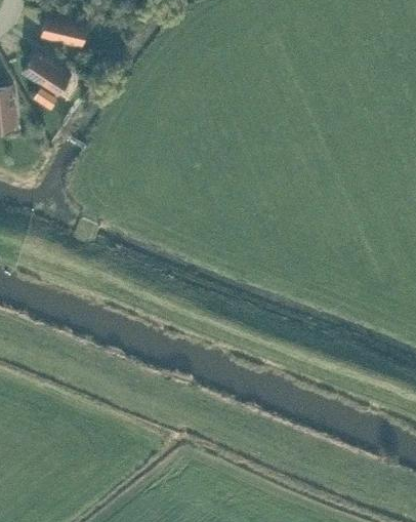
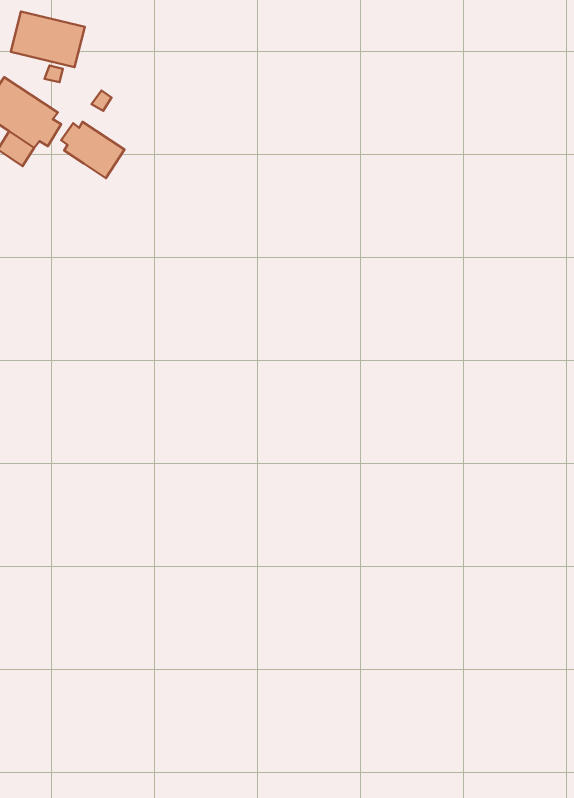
building: none -> [61,122,125,178]

